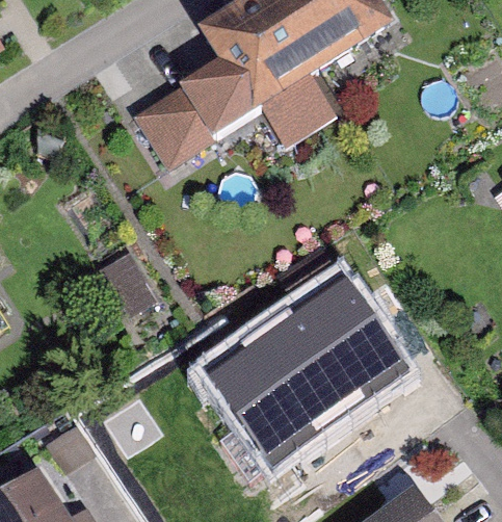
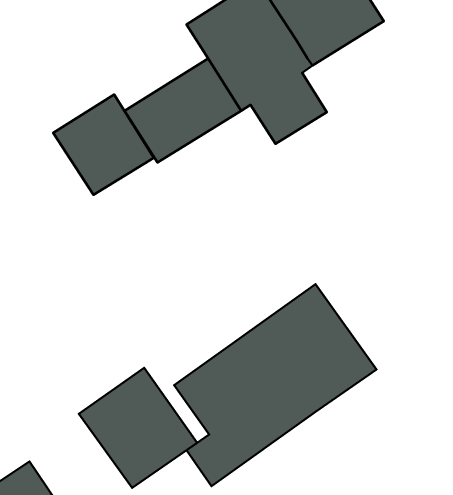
building: none -> [53,94,154,195]
building: none -> [79,368,197,488]

